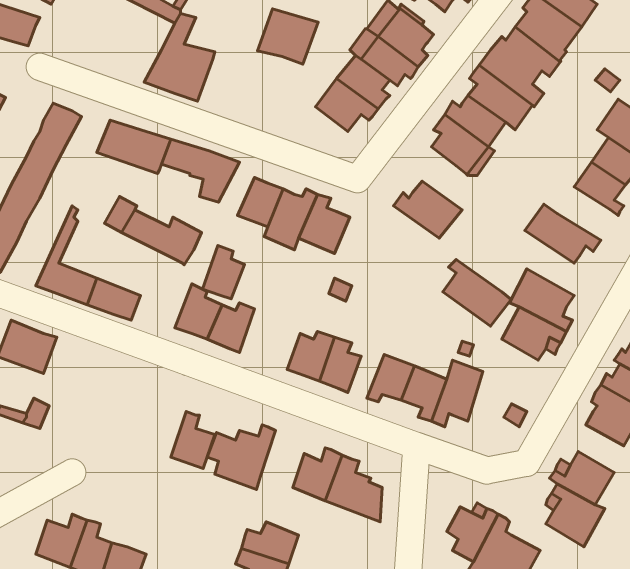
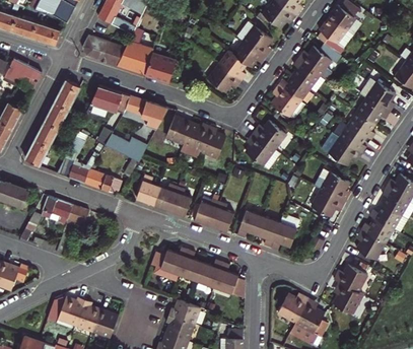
building: [257,9,318,64] -> [145,54,178,83]
building: none -> [84,36,126,66]
building: none -> [337,122,365,150]
building: [203,246,244,299] -> [167,187,190,215]
building: [443,260,511,326] -> [243,132,279,167]
building: none -> [61,202,87,228]
building: [171,412,215,469] -> [179,252,202,282]

